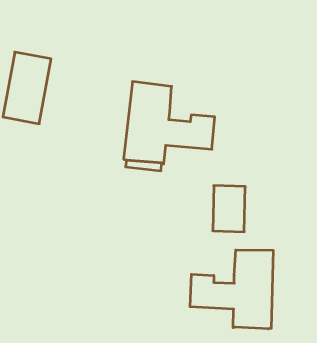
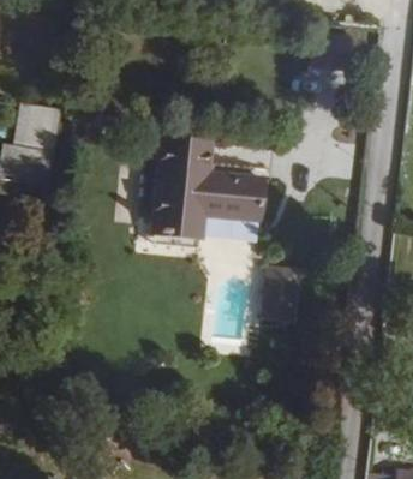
building: [190,250,273,329] -> none

